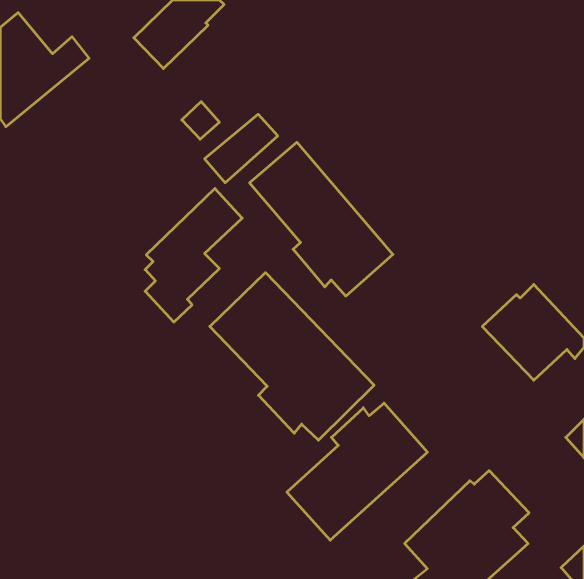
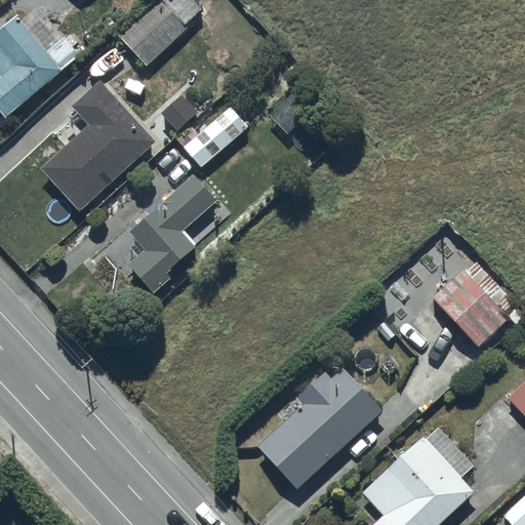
building: none -> [43,81,153,206]
building: [250,142,393,296] -> none
building: [210,273,374,440] -> none

